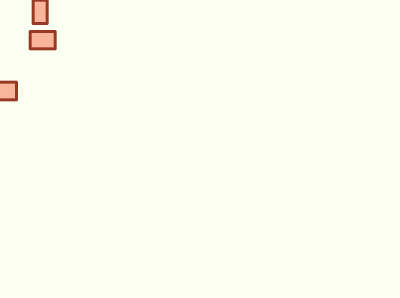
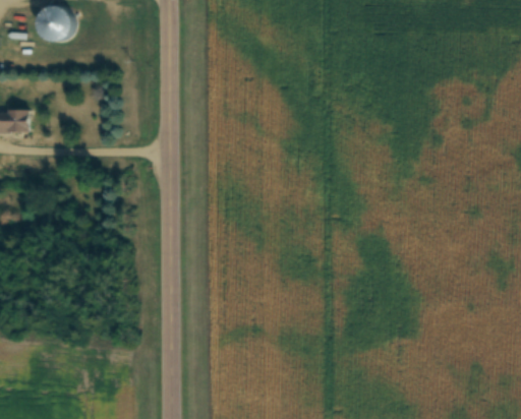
building: [30,31,55,49] -> none

